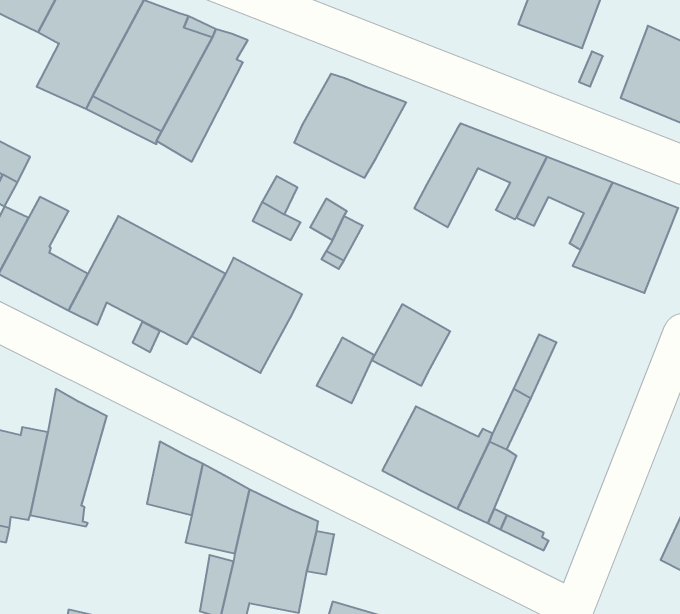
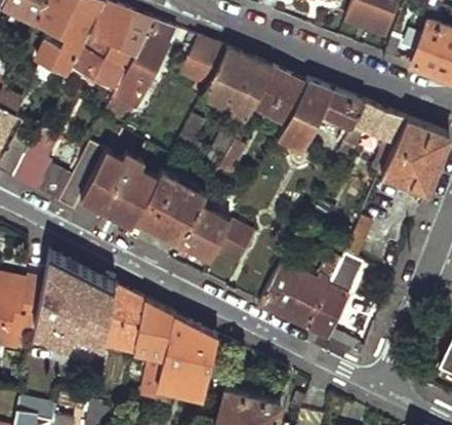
building: none -> [180,40,225,84]
building: none -> [254,70,306,122]
building: [372,304,450,386] -> [180,207,231,260]
building: none -> [66,271,116,339]

